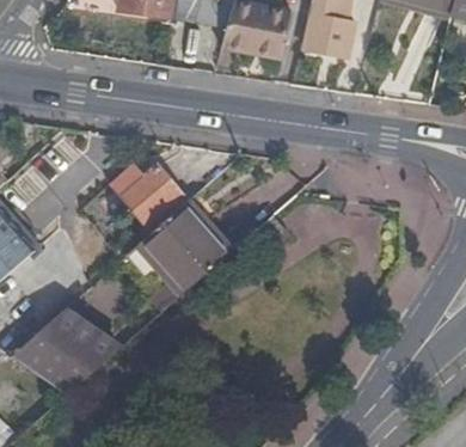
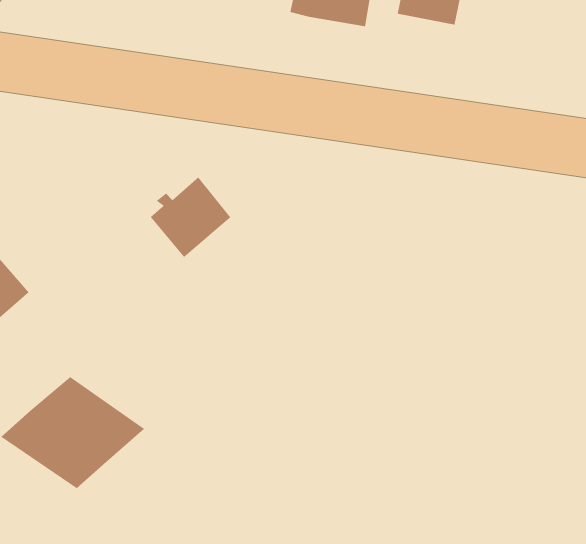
building: [142,203,229,292] -> none

